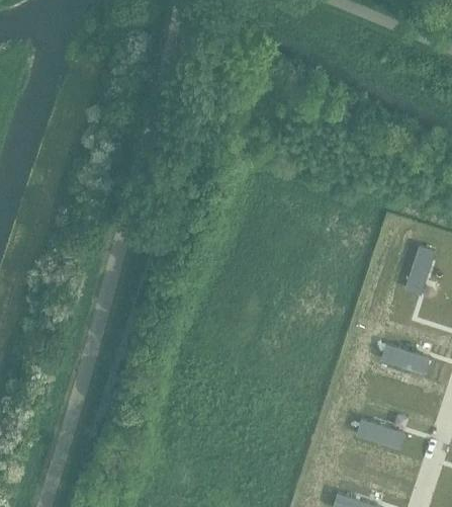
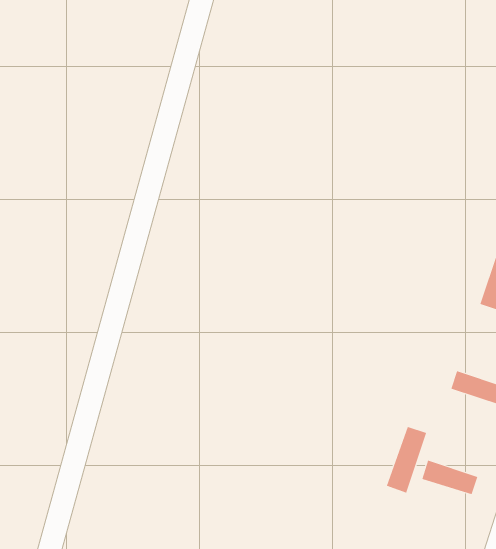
building: none -> [386,426,427,493]

